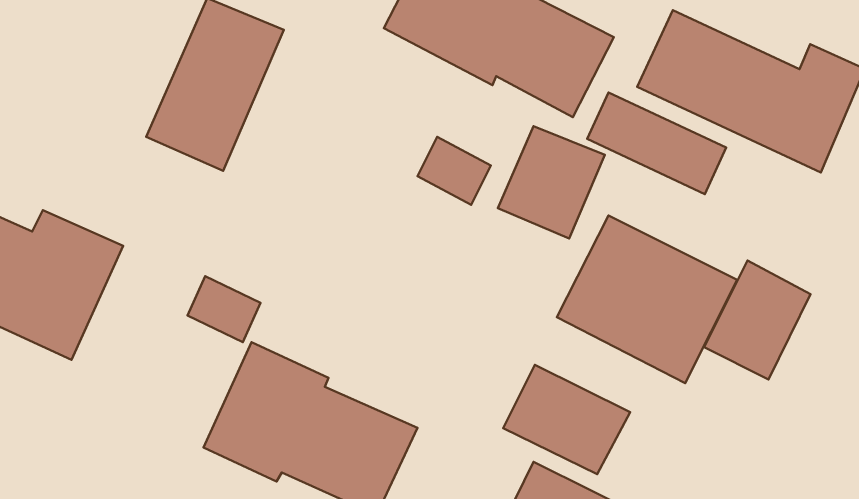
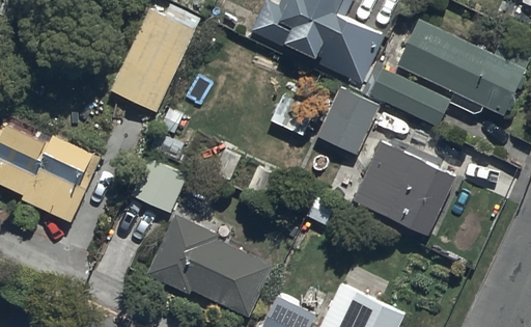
building: [704,260,811,379] -> none
building: [503,365,630,474] -> none

